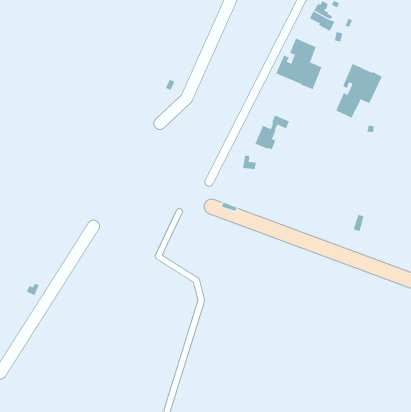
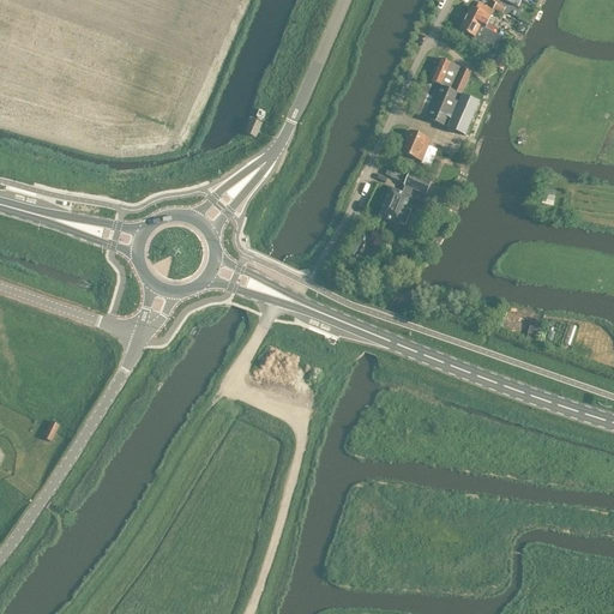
building: [335,63,382,118] -> none
building: none -> [403,128,432,158]

